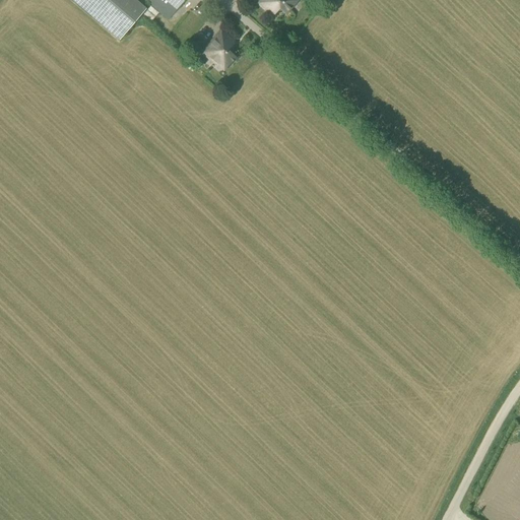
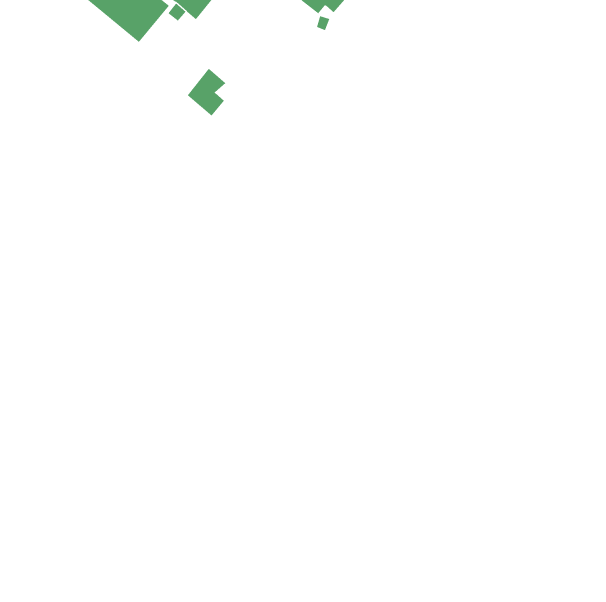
building: [203,25,237,67] -> [187,68,226,116]

